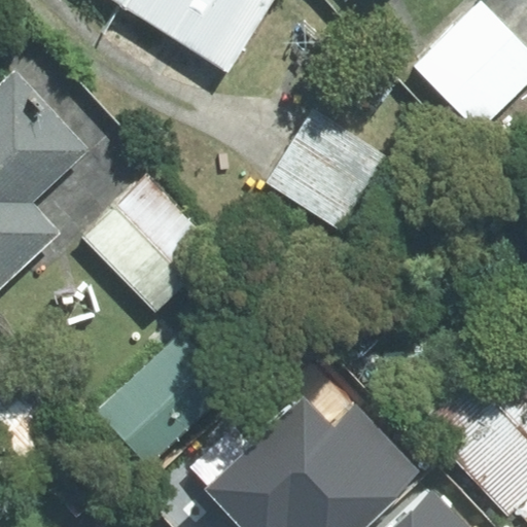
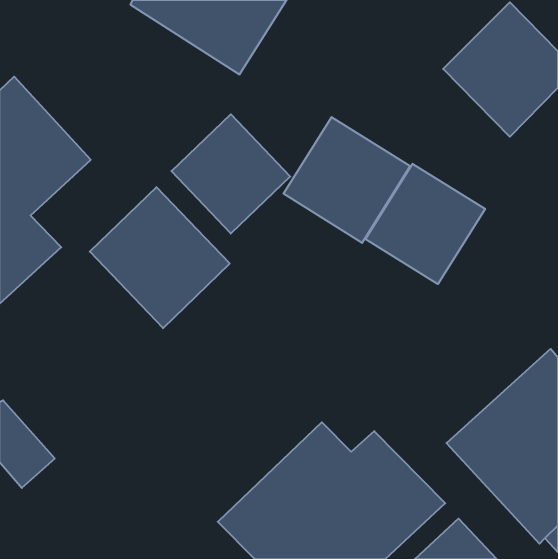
building: none -> [171,114,290,234]
building: none -> [366,164,485,284]
building: [99,325,235,461] -> none

